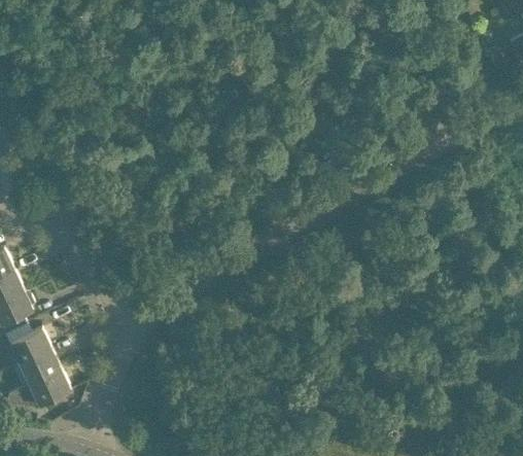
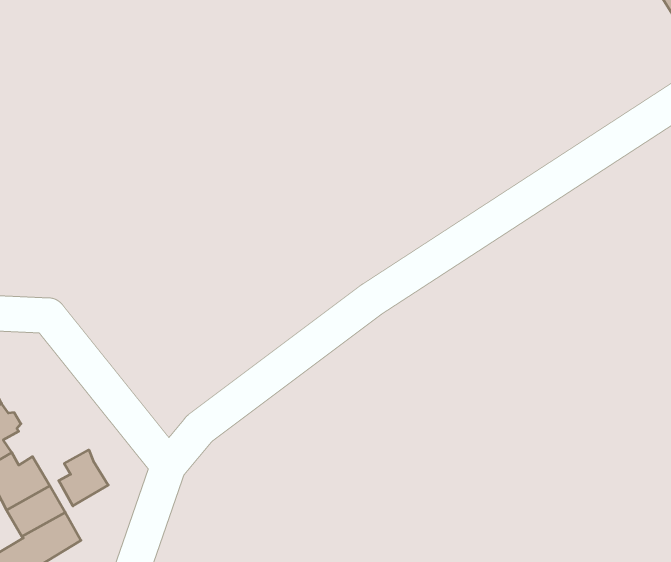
building: none -> [59,450,108,506]

